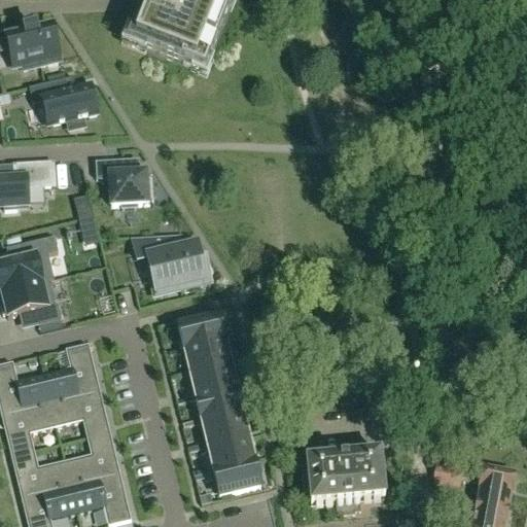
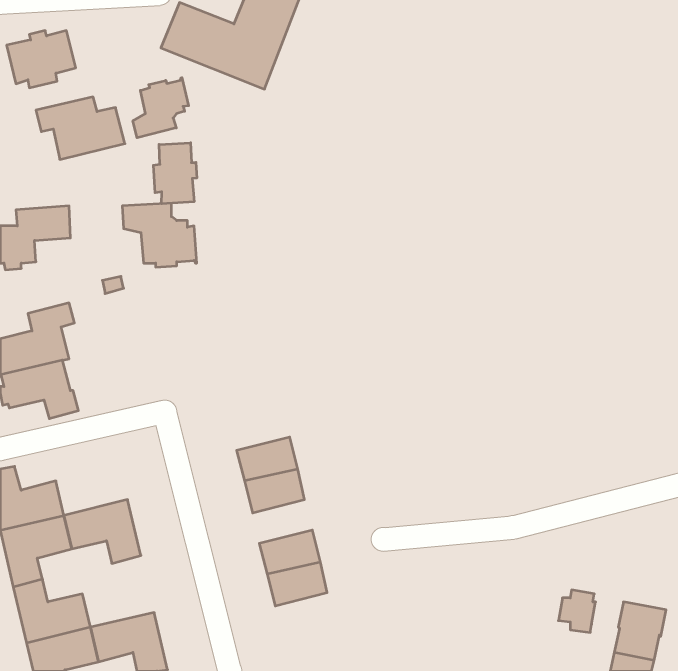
building: none -> [133,78,189,138]
building: none -> [153,143,197,204]
building: [133,233,211,289] -> none
building: [178,314,225,349] -> none
building: [44,343,100,399] -> none
building: [197,387,243,421] -> none
building: [65,430,120,486] -> none
building: [304,452,385,503] -> none
building: [214,459,260,494] -> none

